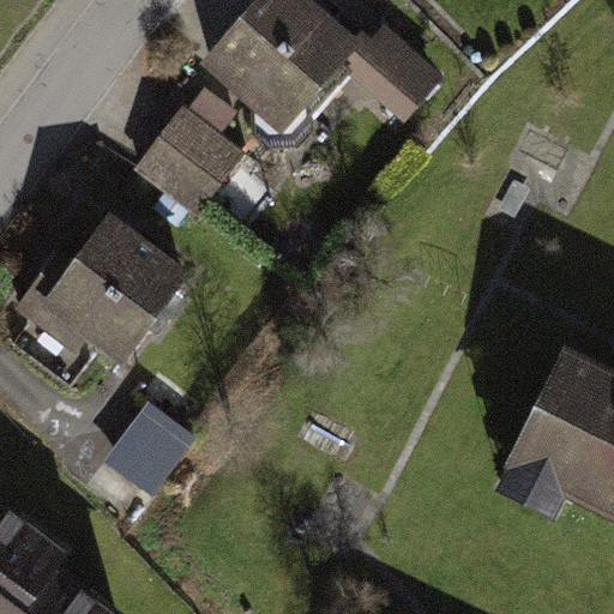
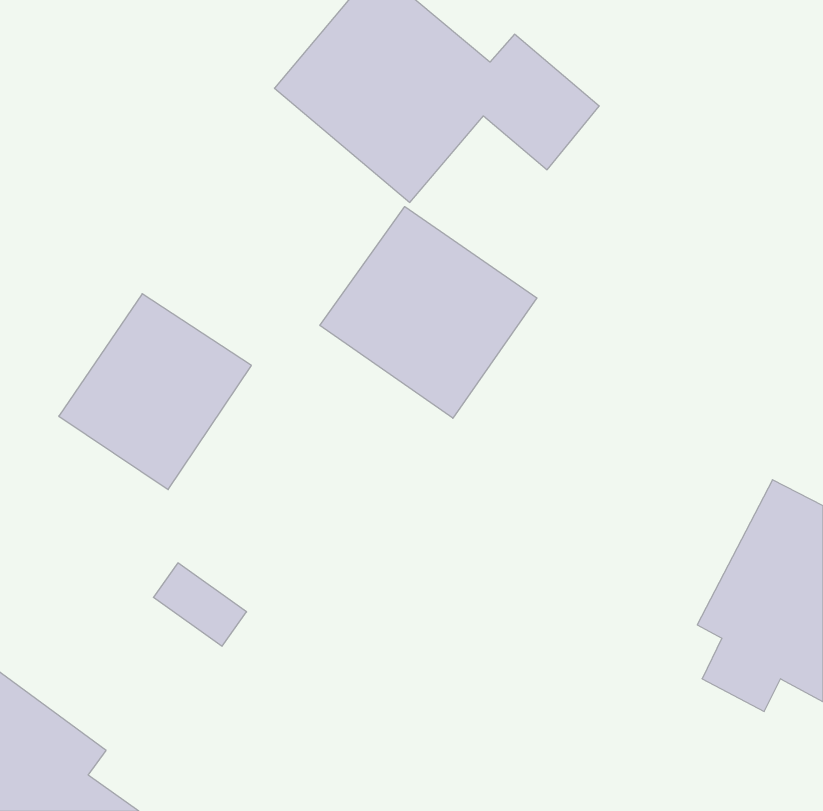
building: [137,104,240,207] -> none
building: none -> [320,207,537,418]

